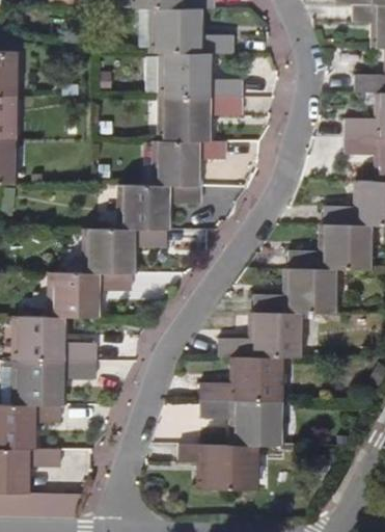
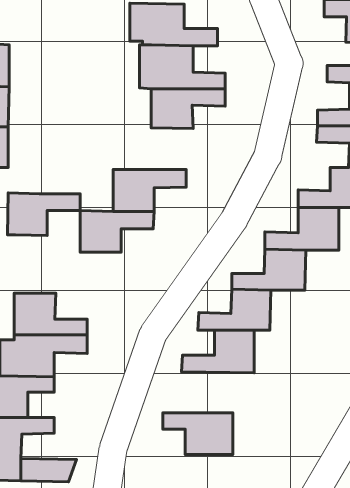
building: [149,139,227,184] -> none
building: [57,271,135,317] -> [7,193,80,236]
building: [199,400,277,445] -> none

